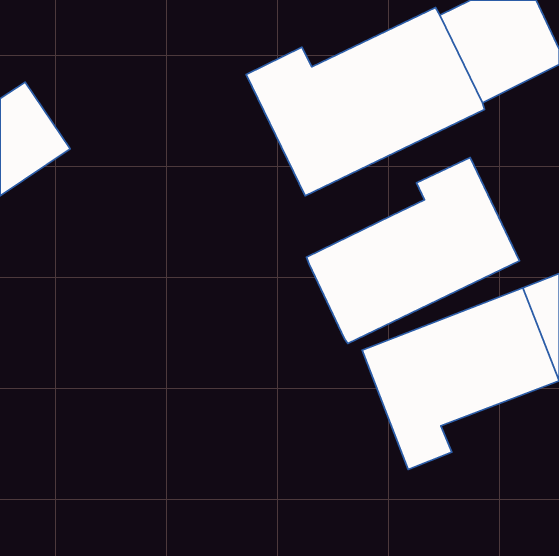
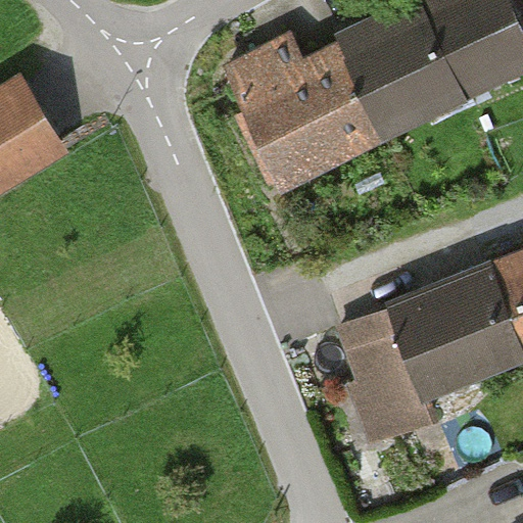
building: [306,157,520,344] -> none

